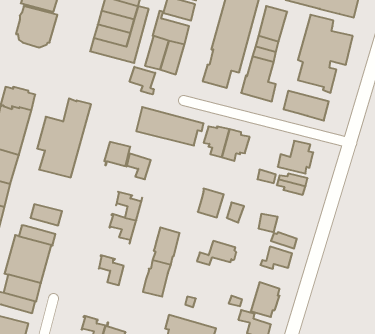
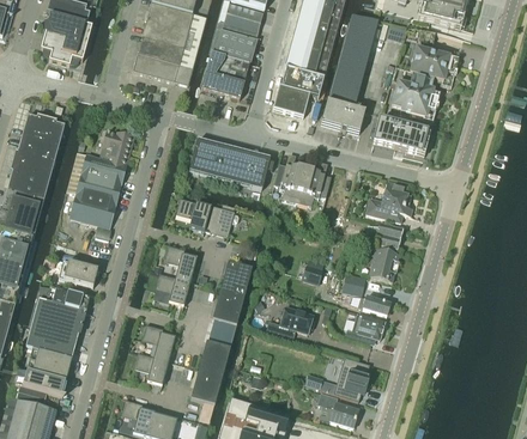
building: [130,67,155,94] -> none
building: [104,142,130,166] -> [200,206,232,236]
building: [198,189,224,217] -> [219,261,252,297]
building: none -> [369,248,399,281]
building: none -> [134,353,168,390]
building: none -> [189,370,222,404]

